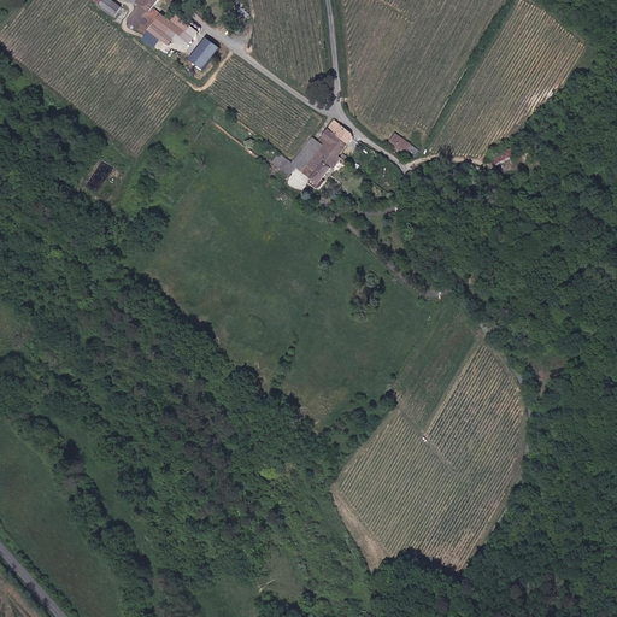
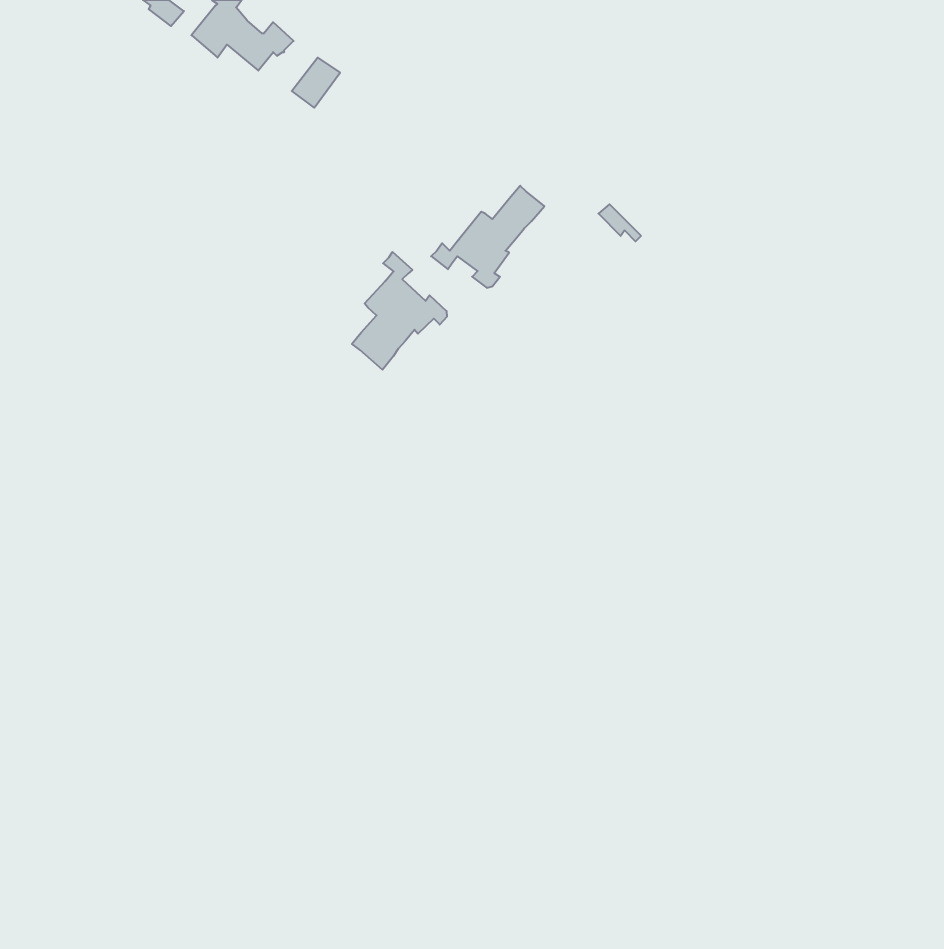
building: none -> [352,252,447,370]

